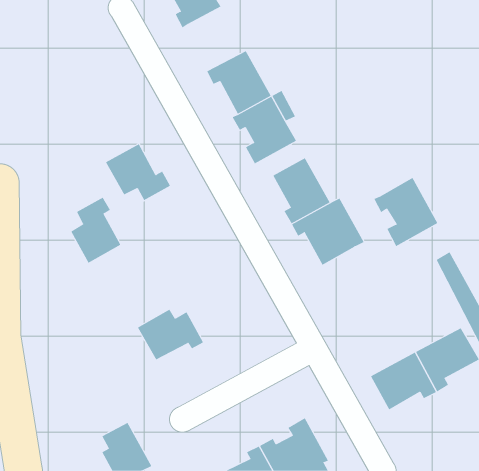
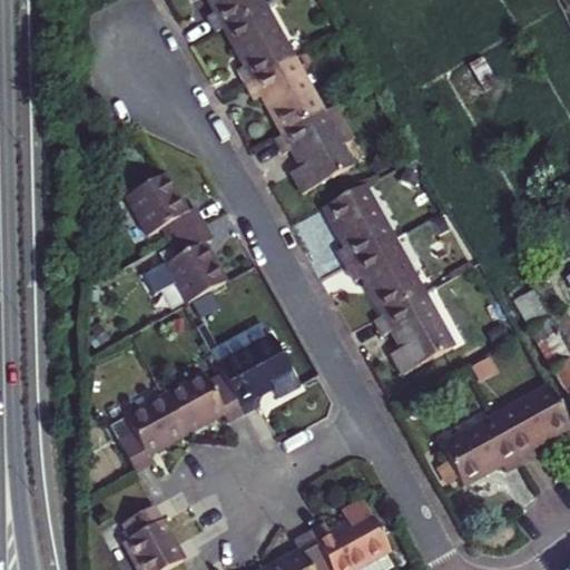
building: none -> [224,8,293,85]
building: [373,177,438,247] -> [375,293,452,375]
building: [70,197,121,263] -> [165,220,225,299]
building: none -> [218,330,299,406]
building: none -> [117,389,186,465]

